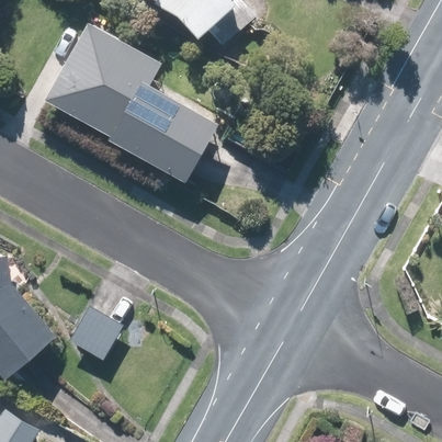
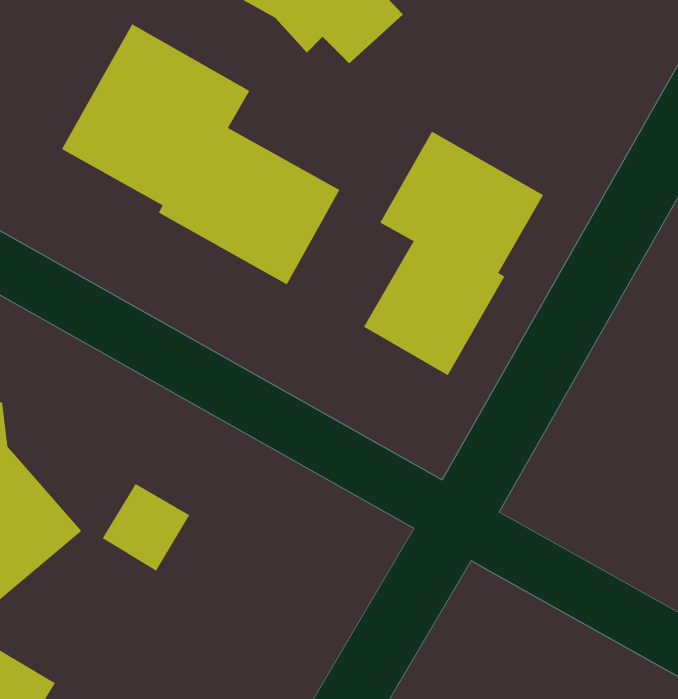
building: none -> [363,131,544,376]

